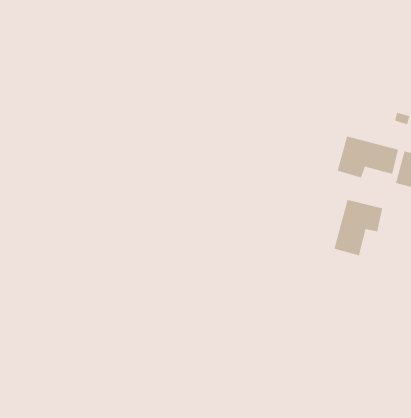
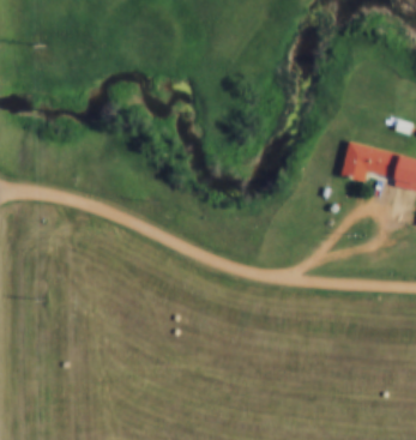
building: [334,199,383,256] -> none

